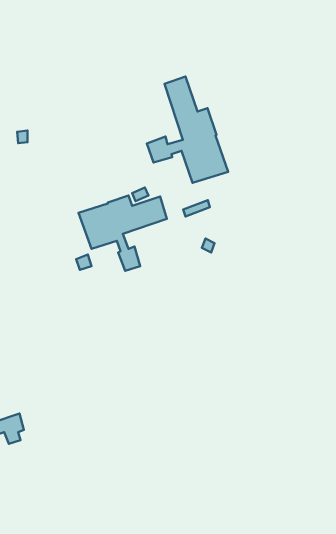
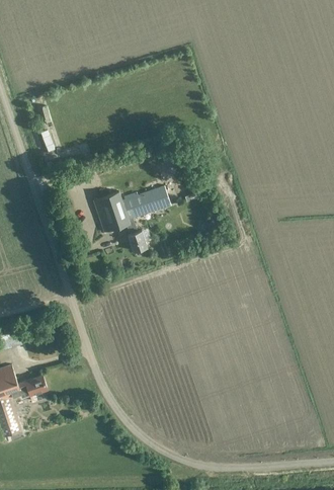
building: [147,76,228,183] -> none

